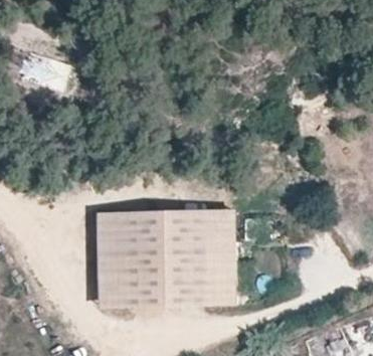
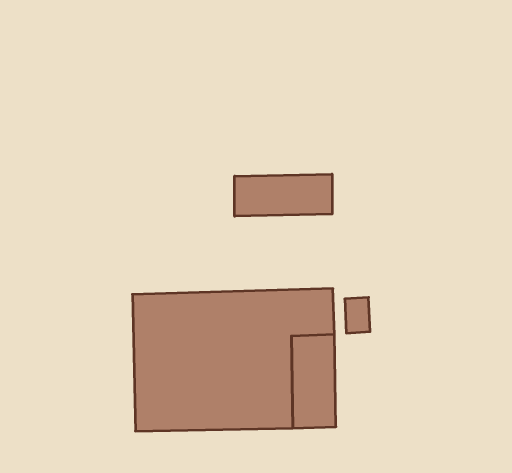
building: none -> [235,174,332,216]

